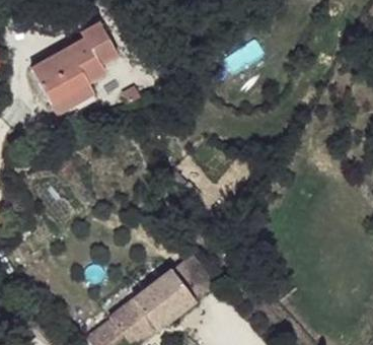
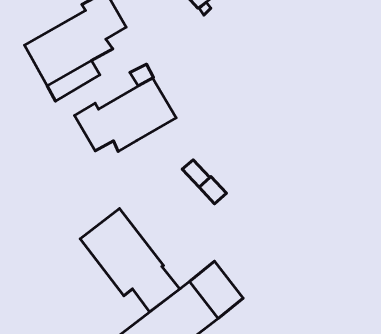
building: none -> [74,78,176,152]
building: none -> [80,209,180,312]

